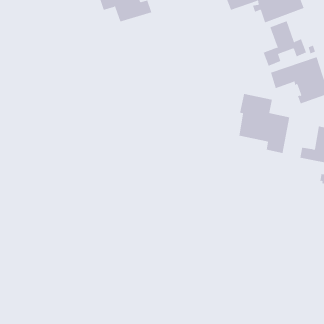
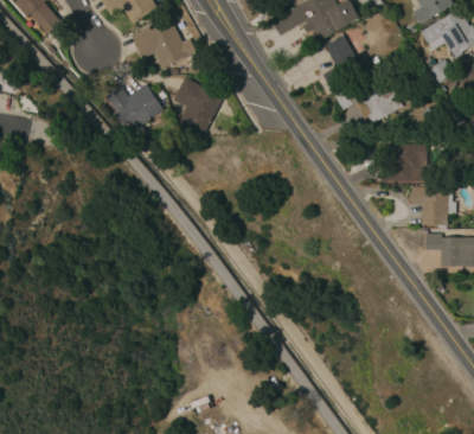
building: none -> [104,84,164,129]
building: none -> [173,77,222,133]
building: [239,93,290,154] -> none

